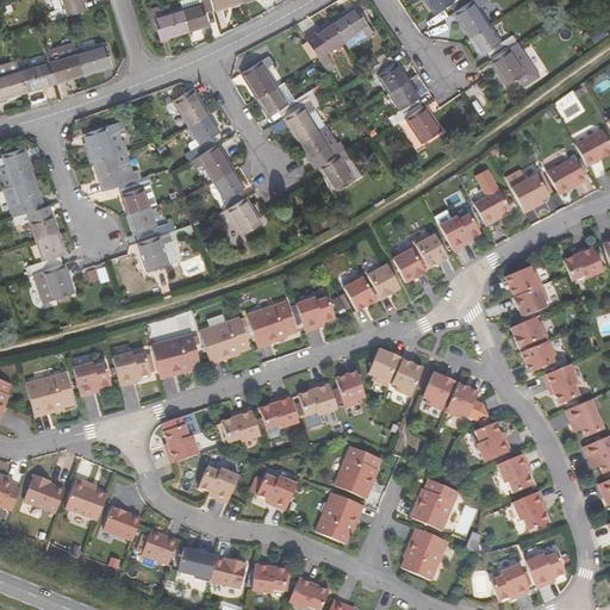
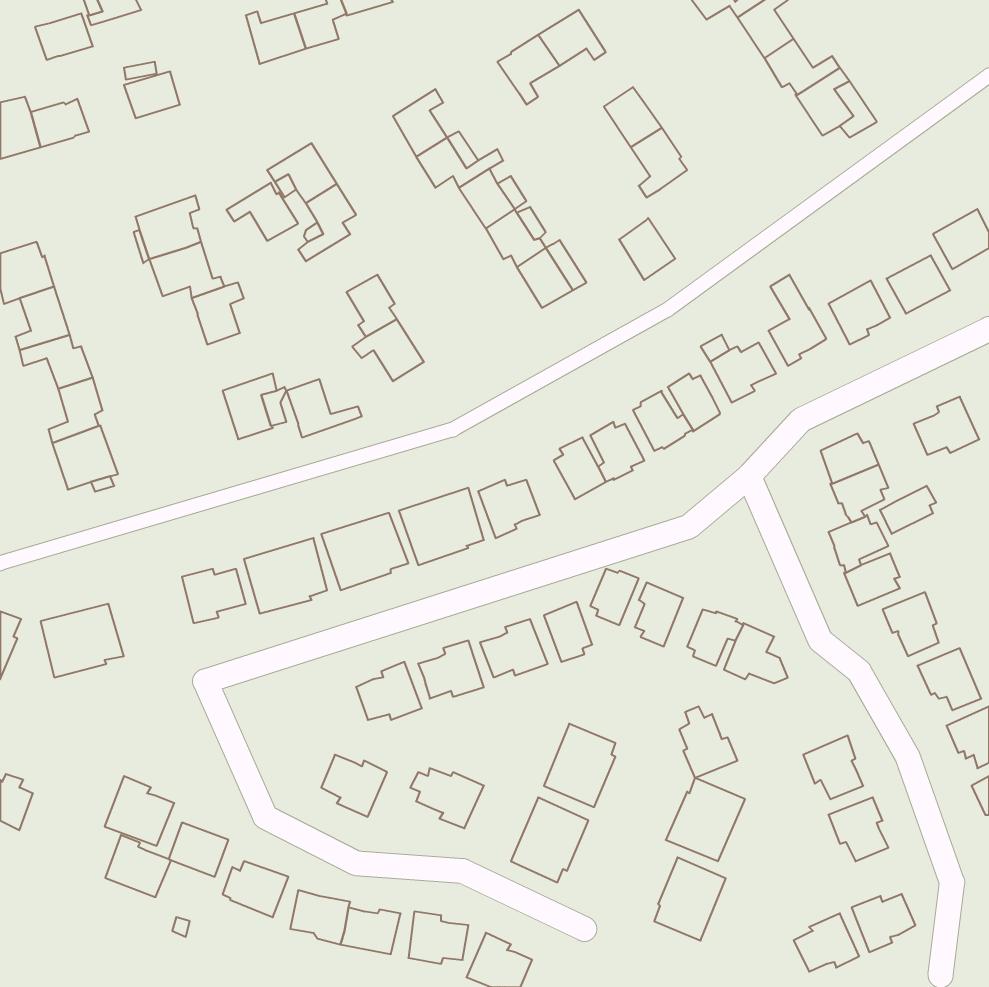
building: [48,52,83,81] -> [35,13,93,60]
building: [406,104,441,142] -> [619,218,675,280]
building: [188,144,232,180] -> [226,183,298,241]
building: [127,205,174,241] -> [286,379,362,437]
building: none -> [880,486,936,534]
building: [73,362,112,397] -> none
building: [161,412,199,463] -> none
building: [473,417,509,461] -> [679,706,737,778]
building: [24,474,64,512] -> [105,835,171,897]

